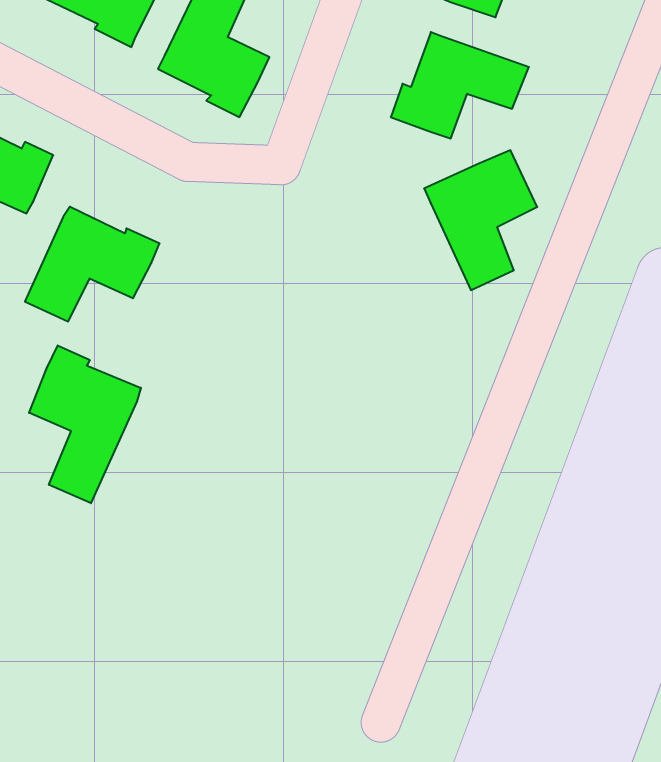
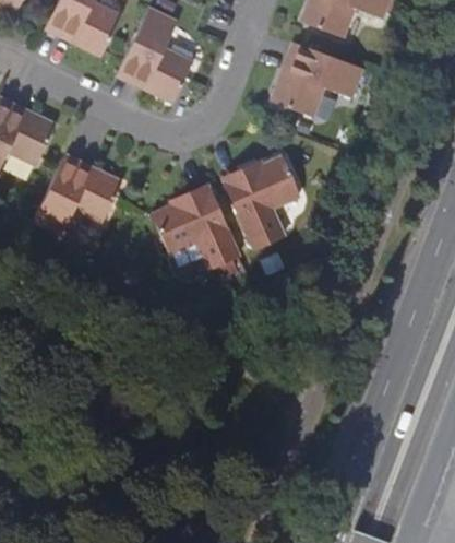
building: [424,150,537,290] -> [225,156,299,248]
building: none -> [151,188,239,269]
building: [29,345,141,503] -> none

